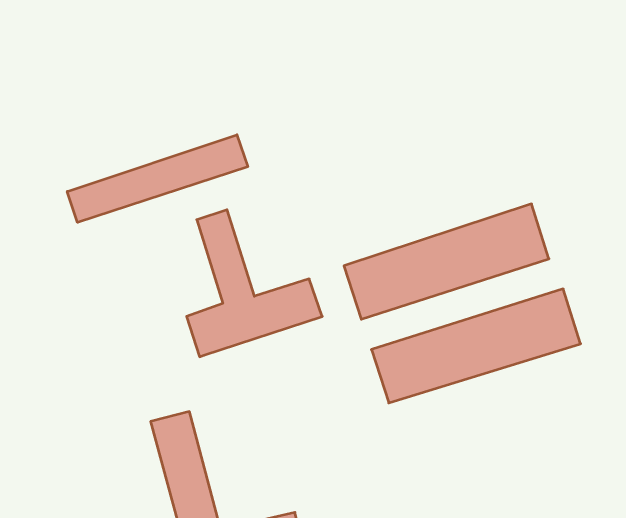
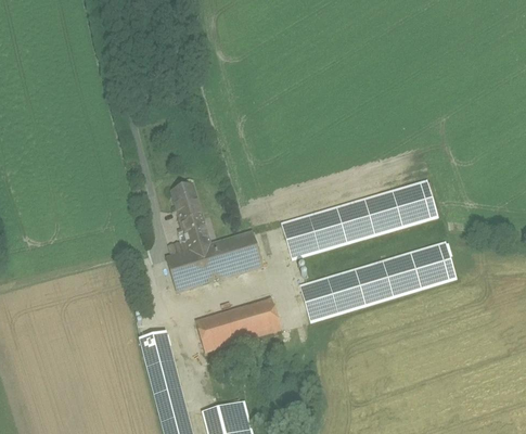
building: [67,135,248,222] -> none
building: none -> [193,295,283,352]

